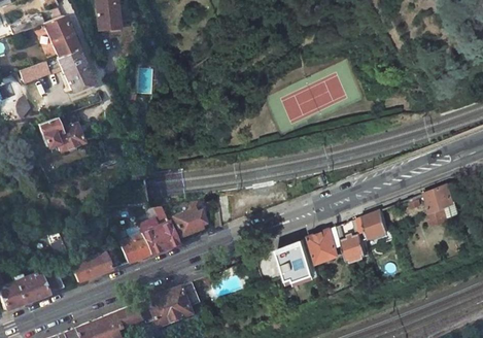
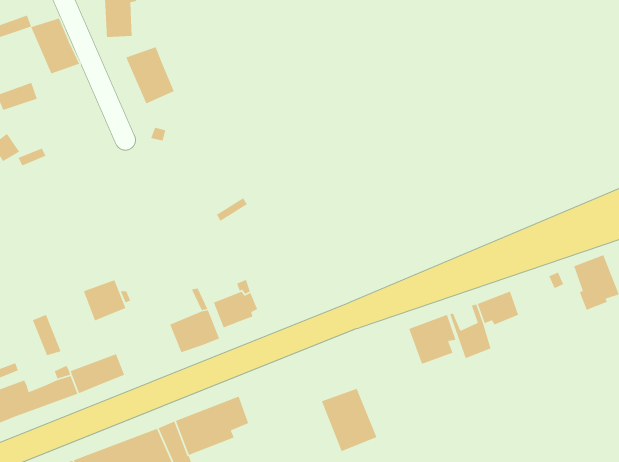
building: [58,49,93,91] -> [125,46,175,105]
building: [37,117,83,153] -> none
building: [119,233,150,263] -> [83,279,127,322]
building: [279,239,319,284] -> [321,388,378,452]

